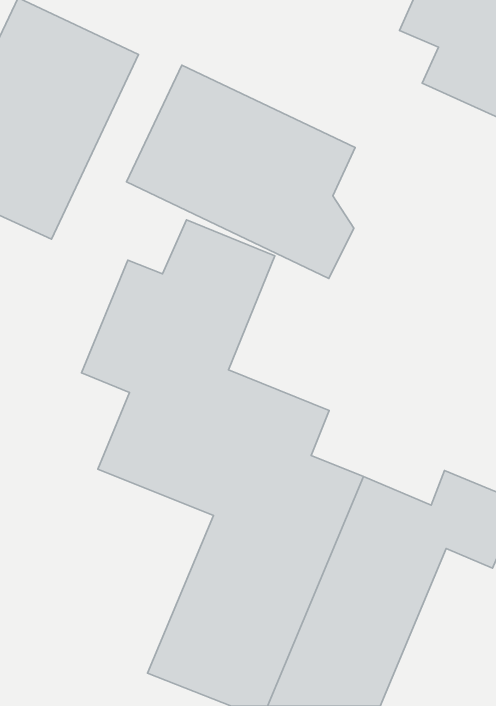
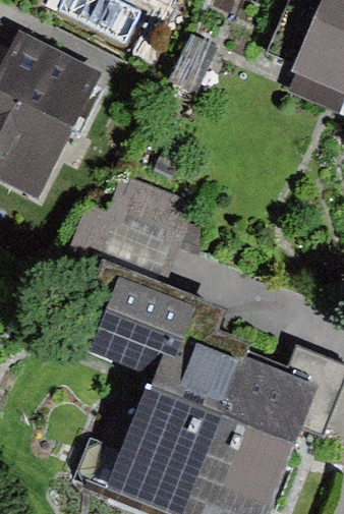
building: [127,65,355,279] -> none

